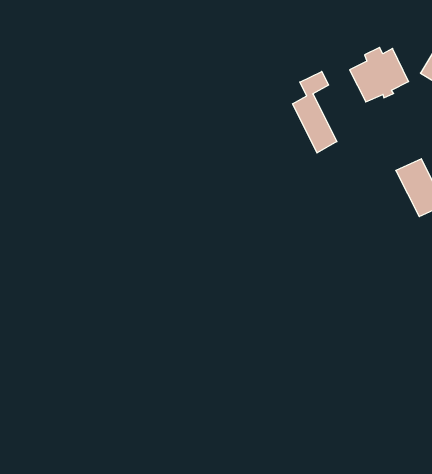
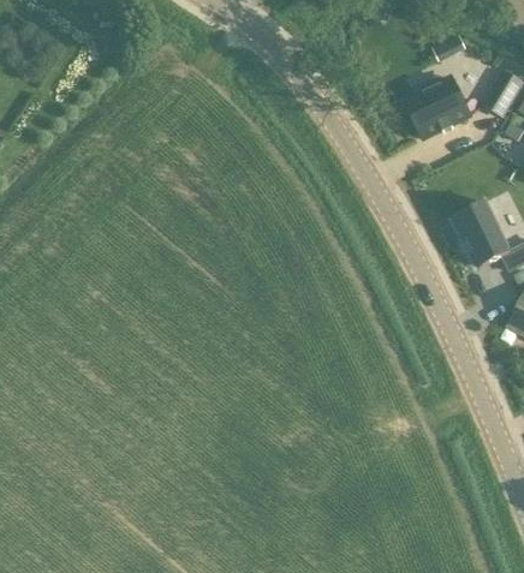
building: [293,71,337,153] -> none

